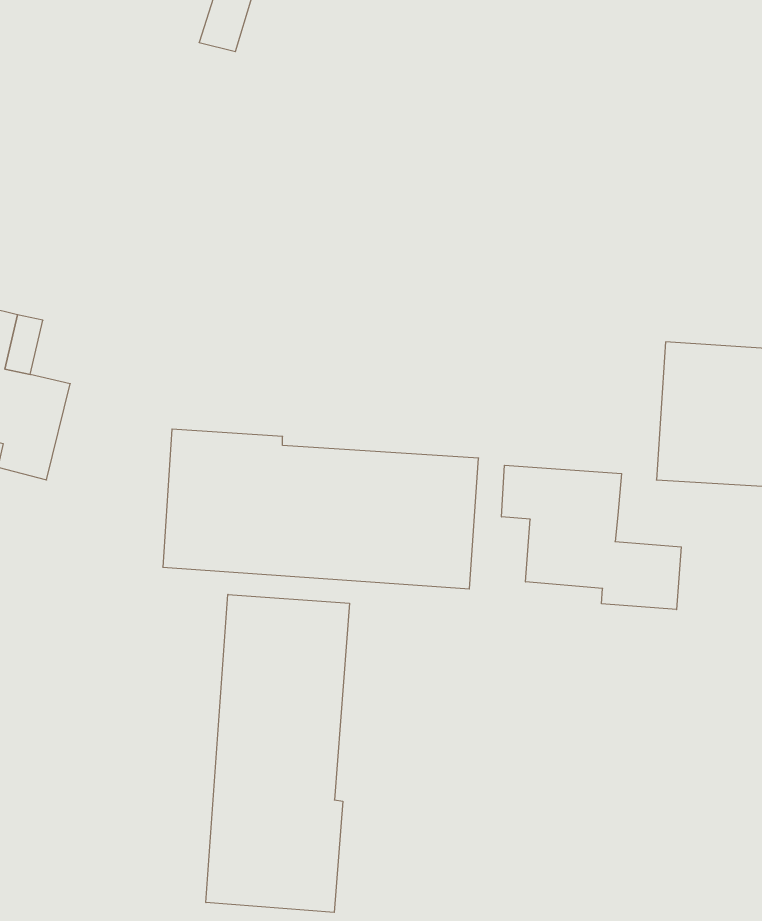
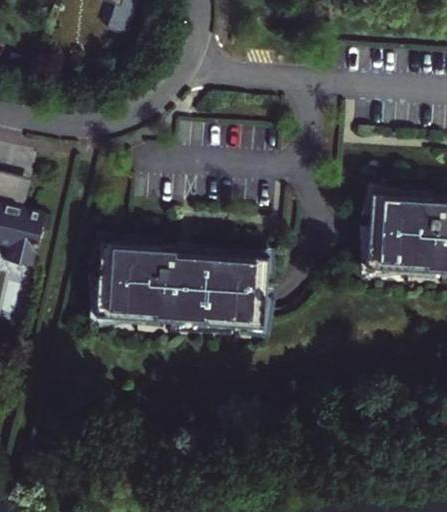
building: [502,465,681,610] -> none
building: [206,594,349,912] -> none

